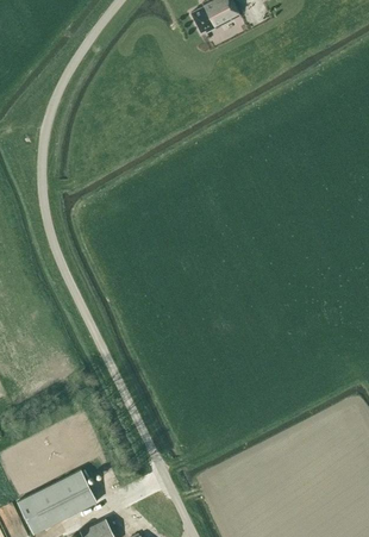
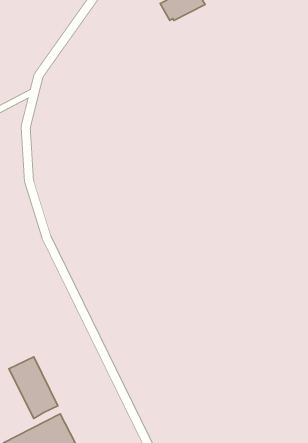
building: none -> [9,357,58,419]

